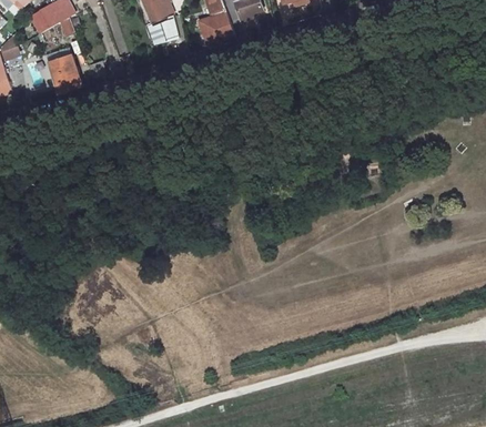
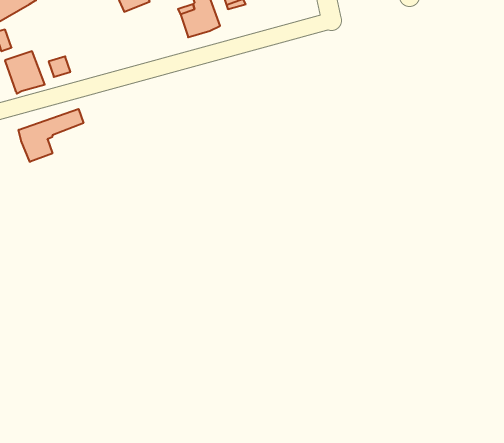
building: none -> [19,109,83,162]

